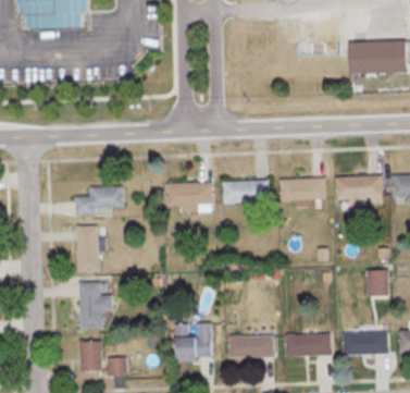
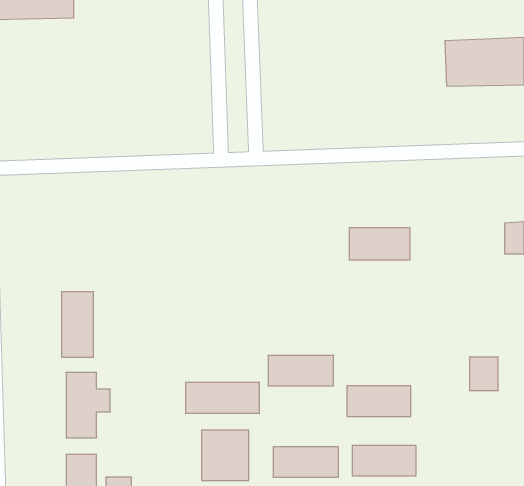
building: [337,176,382,206] -> none
building: [222,181,269,202] -> [268,355,334,386]
building: [167,183,212,211] -> none
building: [75,186,123,214] -> none
building: none -> [186,382,259,414]
building: [343,332,388,354] -> [347,386,411,416]

